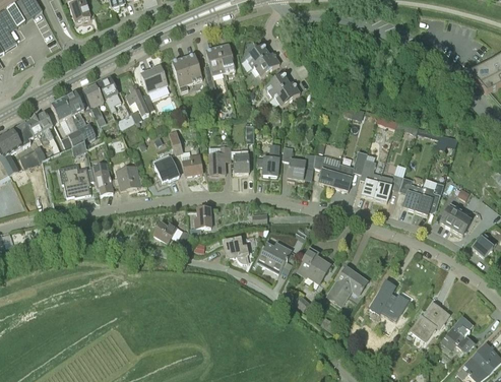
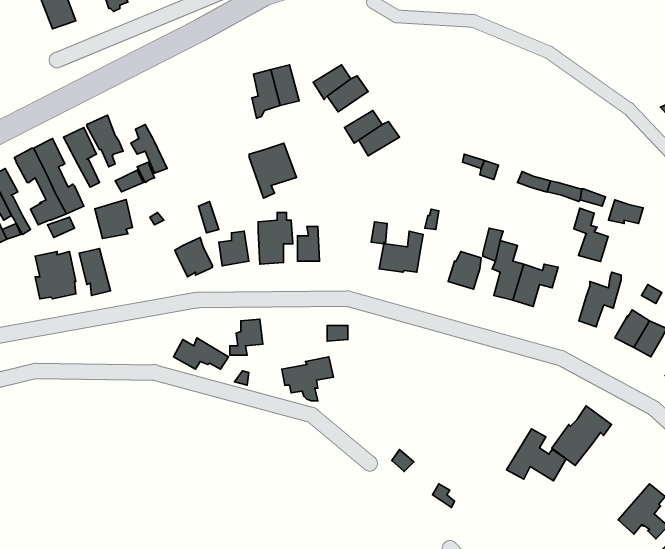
building: [172,55,202,90] -> [249,143,296,198]
building: [140,66,168,91] -> none
building: [256,144,278,175] -> none
building: [313,154,339,185] -> none
building: [116,164,140,189] -> [95,199,132,239]
building: [398,176,421,210] -> [574,208,608,262]
building: [256,242,291,272] -> none
building: [296,248,329,282] -> none
building: [326,266,367,306] -> none
building: [410,302,448,340] -> [552,406,611,465]

